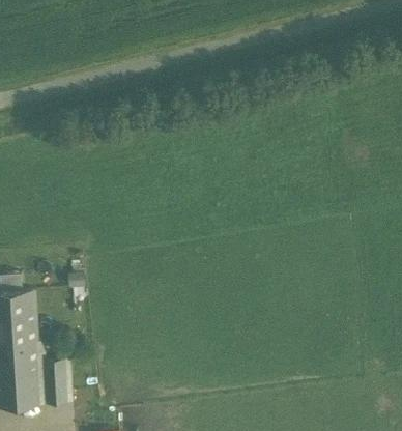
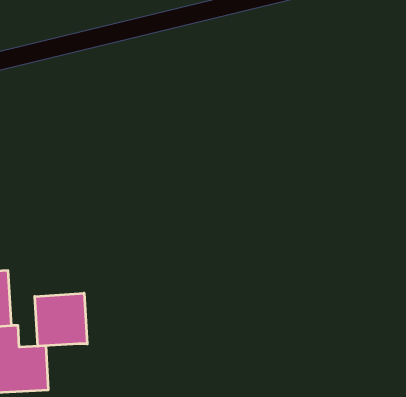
building: none -> [35,293,87,346]

